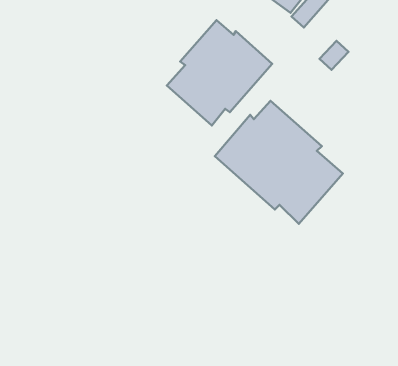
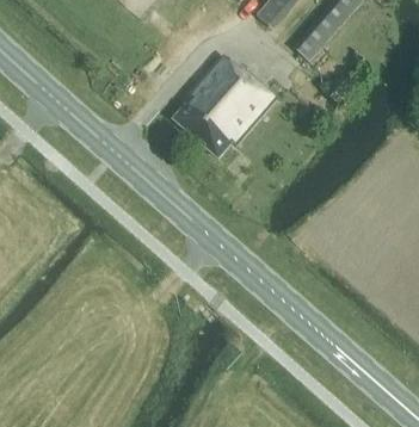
building: [215,101,343,224] -> none

